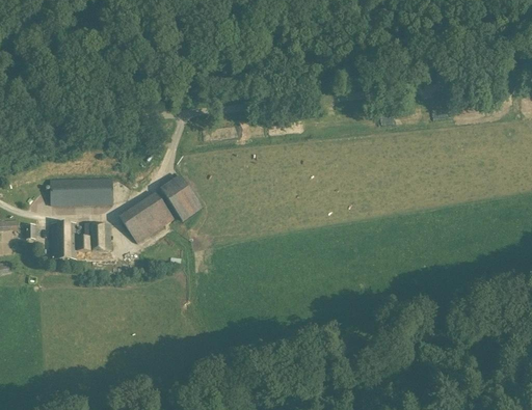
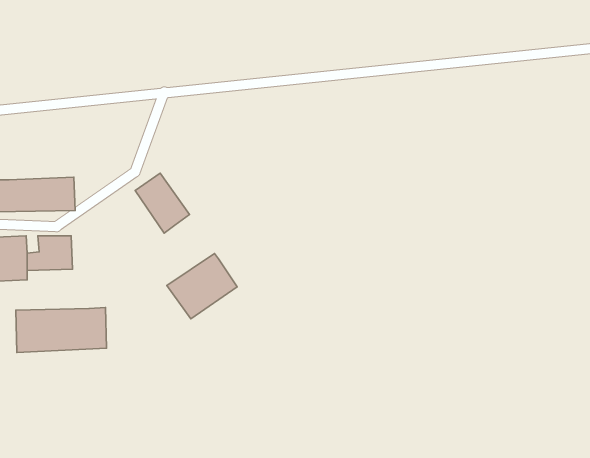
building: [118,193,174,244] -> [167,254,237,319]
building: none -> [16,308,107,352]

